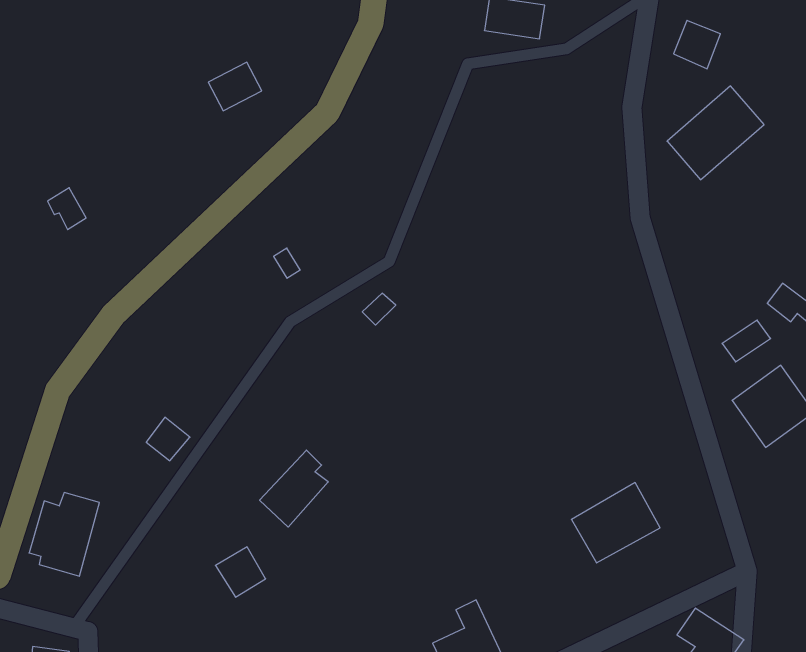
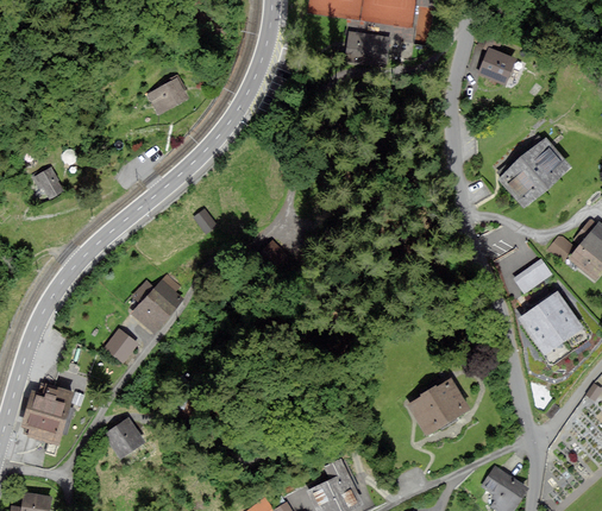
building: [667,86,764,180] -> [500,139,569,206]
building: [260,450,328,527] -> [133,276,182,330]
building: [215,547,266,597] -> [106,418,142,454]

